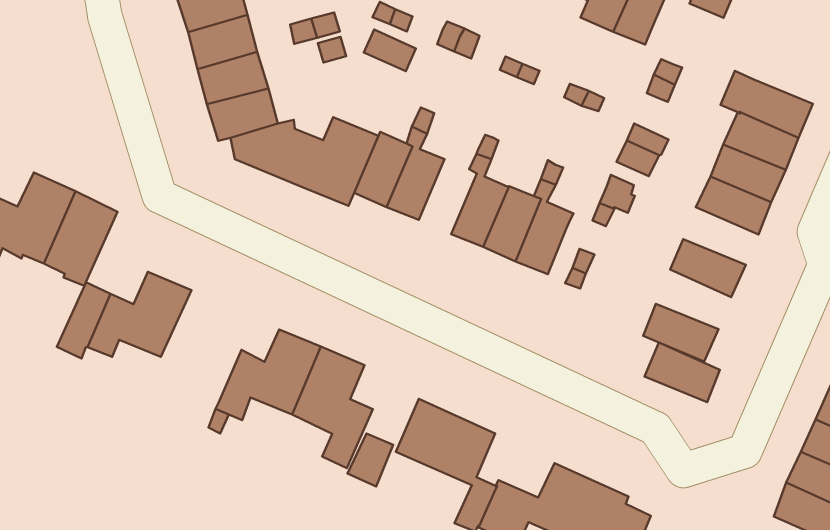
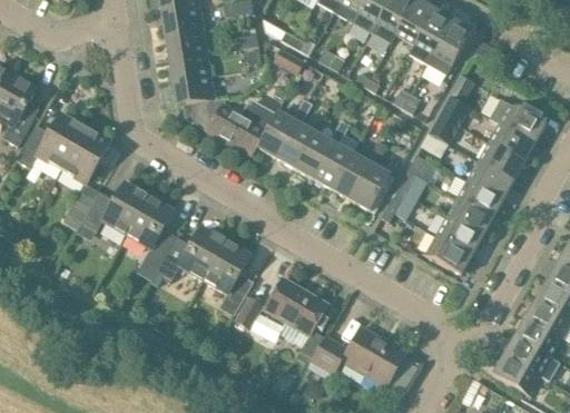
building: none -> [295,132,334,179]
building: none -> [456,179,503,218]
building: none -> [127,196,177,267]
building: [645,342,720,402] -> [435,216,482,256]

